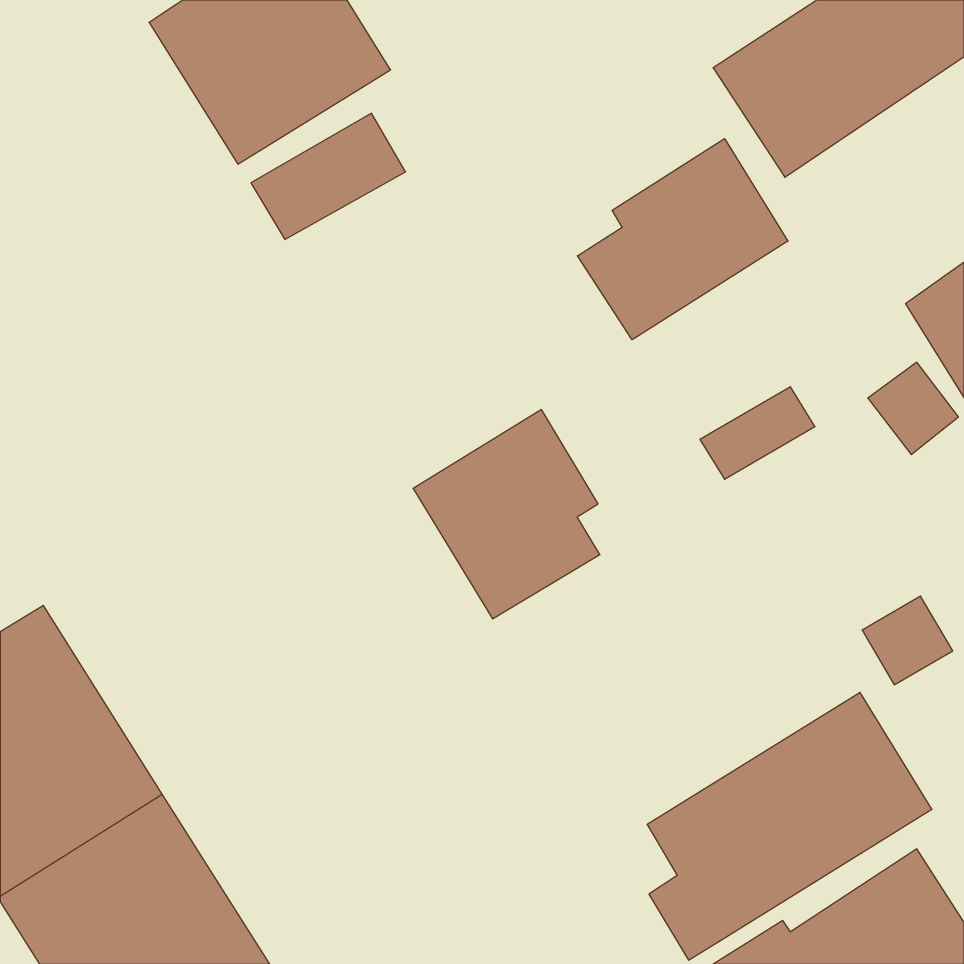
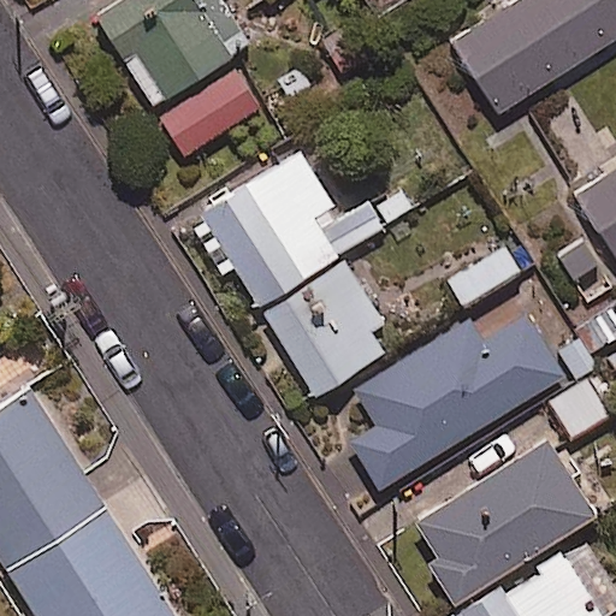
building: [577,139,788,340] -> none
building: none -> [205,153,385,302]
building: none -> [351,310,564,487]

